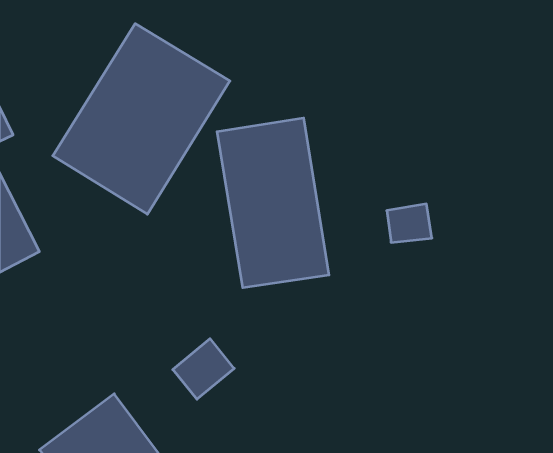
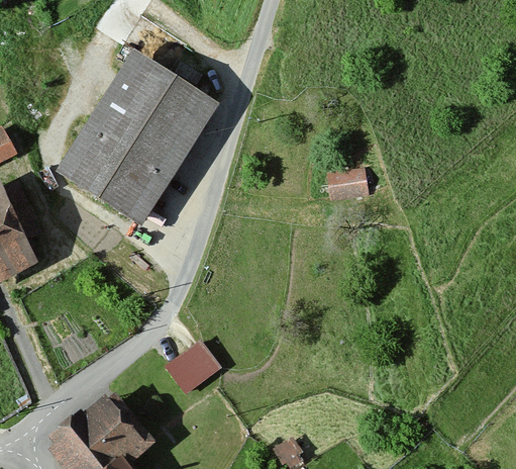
building: [217,118,329,288] -> none
building: [387,204,432,242] -> [329,167,371,202]

